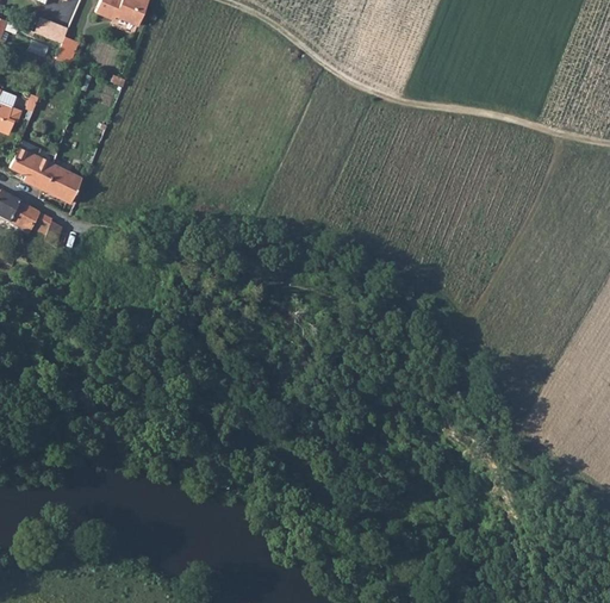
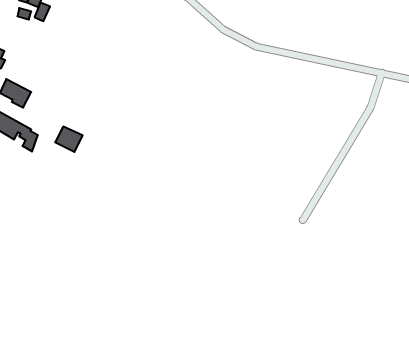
building: [41,164,81,201] -> [55,127,83,152]

